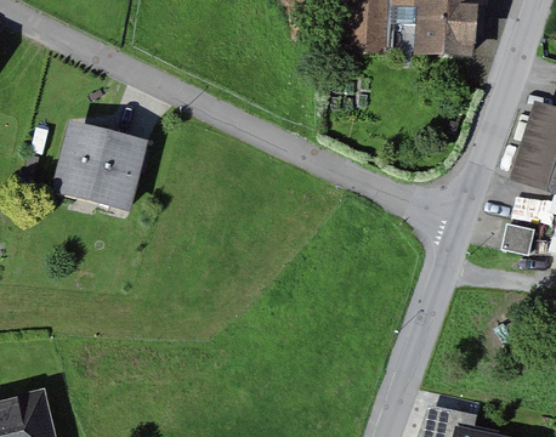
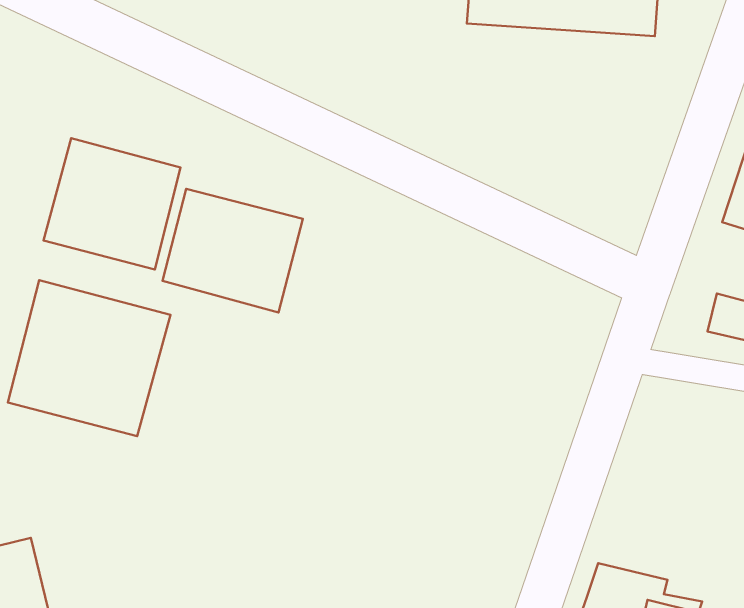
building: none -> [163,189,303,312]
building: none -> [8,280,171,436]

